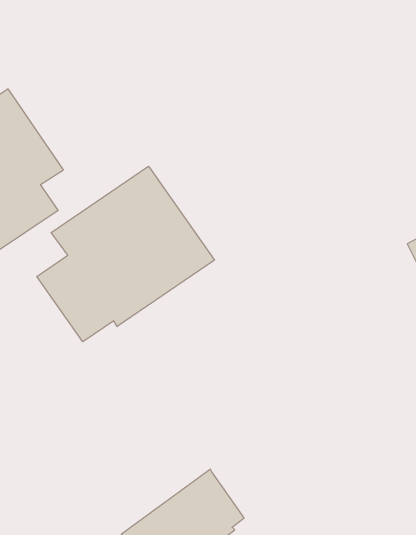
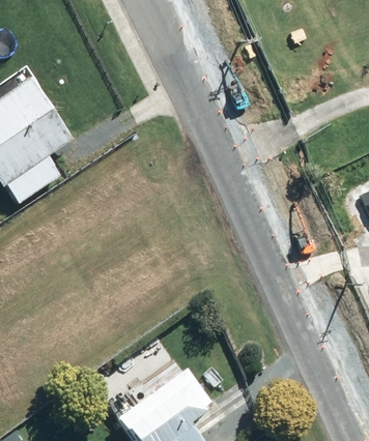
building: [37,166,214,342] -> none

